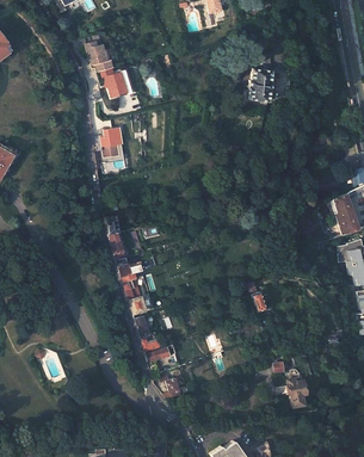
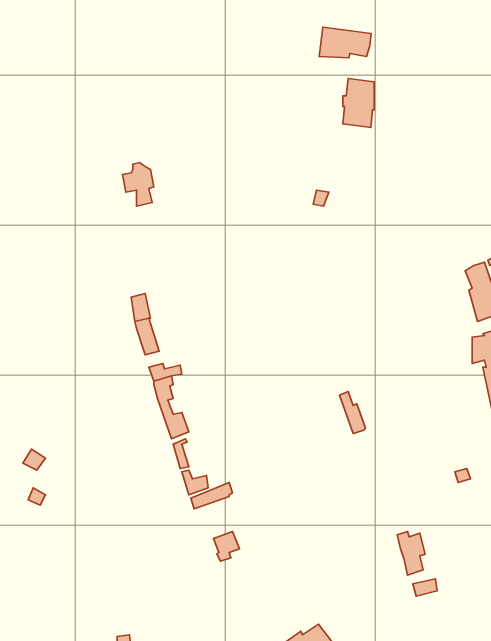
building: none -> [319,27,371,58]
building: [86,44,132,101] -> none

